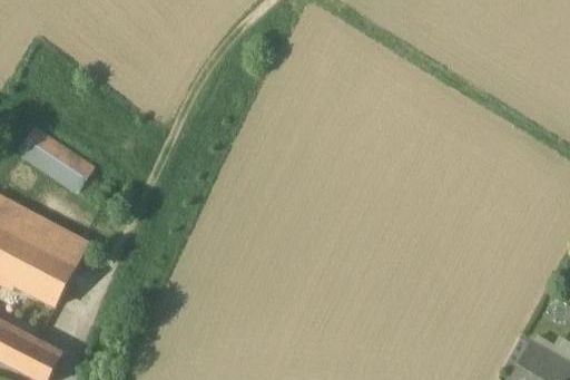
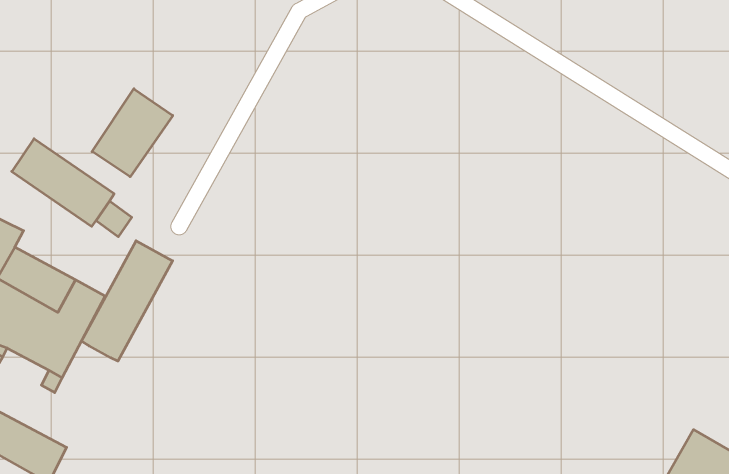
building: none -> [92,89,173,177]
building: none -> [81,241,173,361]

